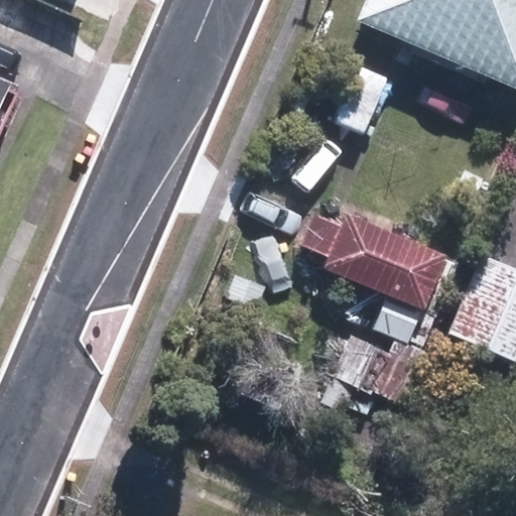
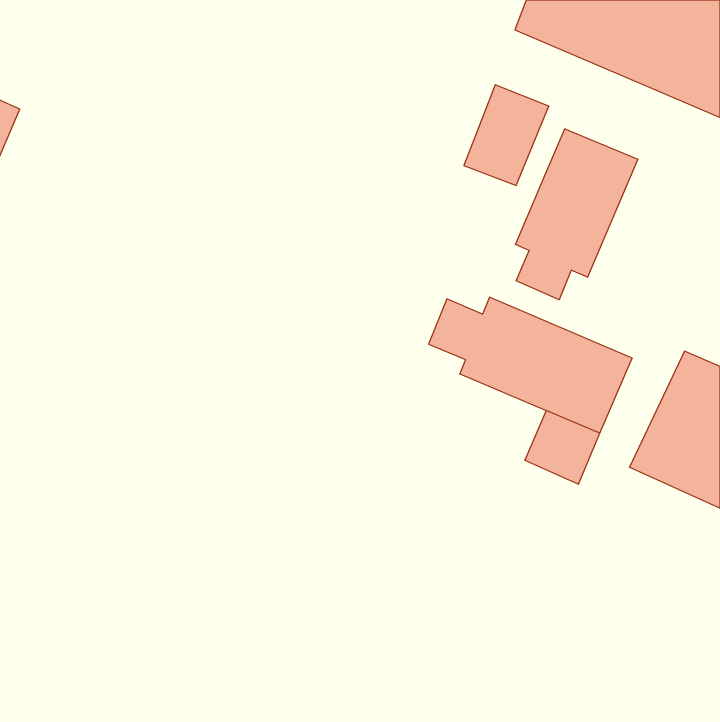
building: none -> [516,129,638,300]

